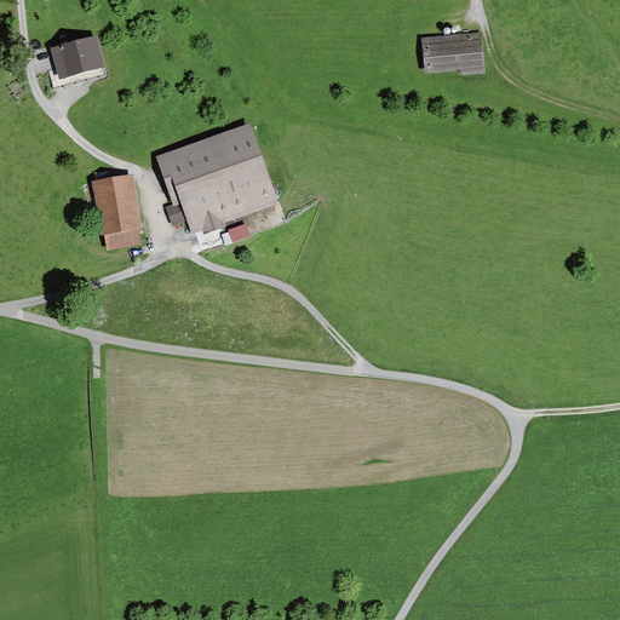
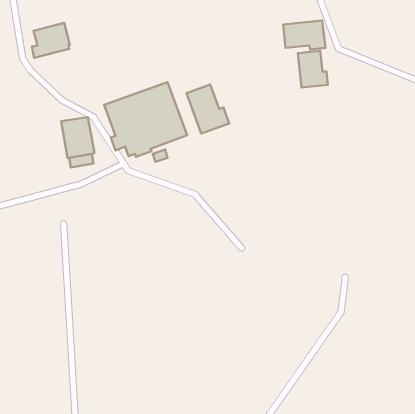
building: none -> [298,51,328,87]
building: none -> [186,84,229,134]

